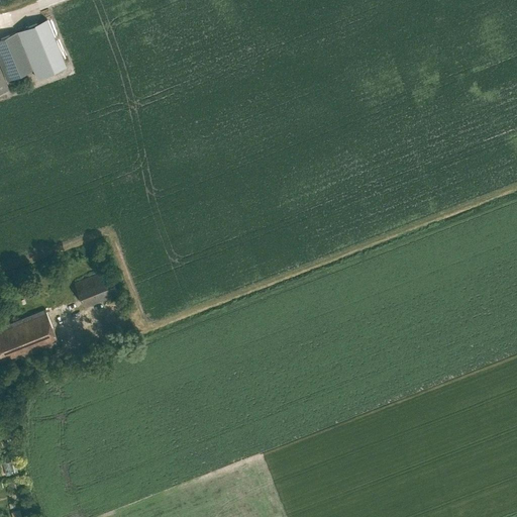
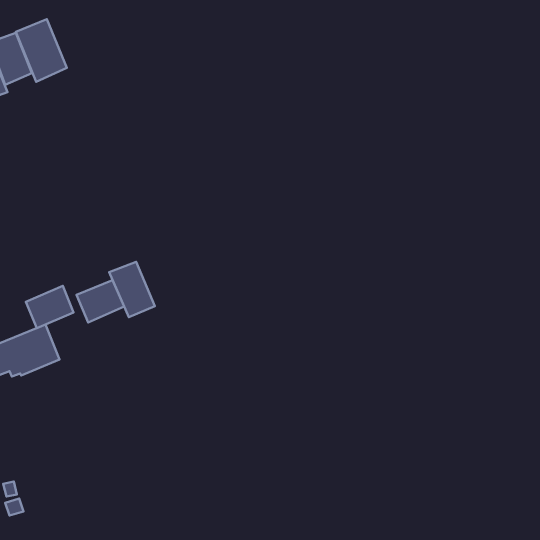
building: none -> [109,262,155,317]
building: none -> [26,286,74,328]

